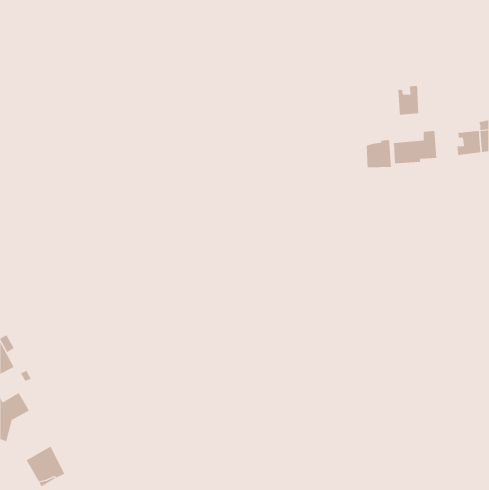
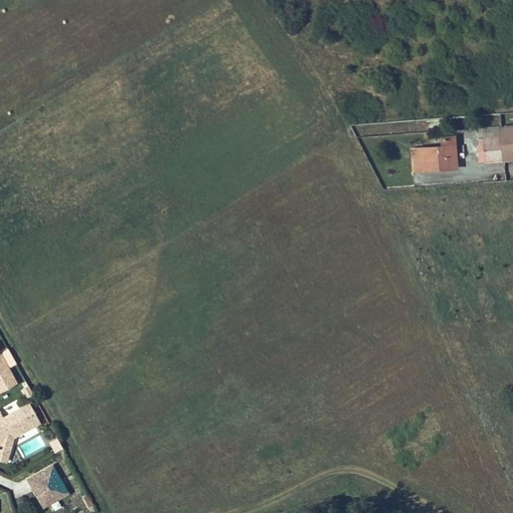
building: [397,85,419,115] -> none
building: [366,139,392,168] -> none

